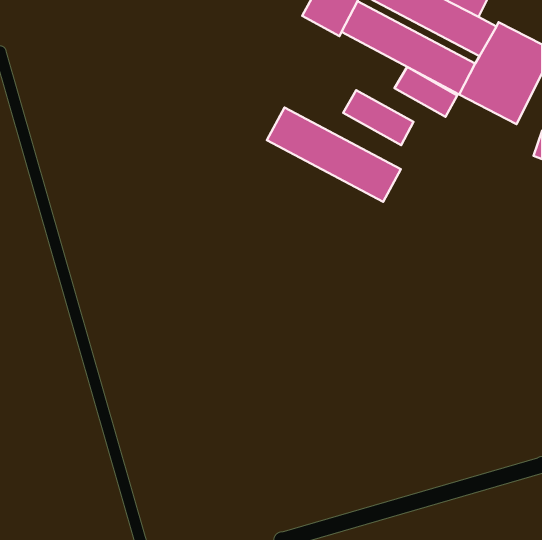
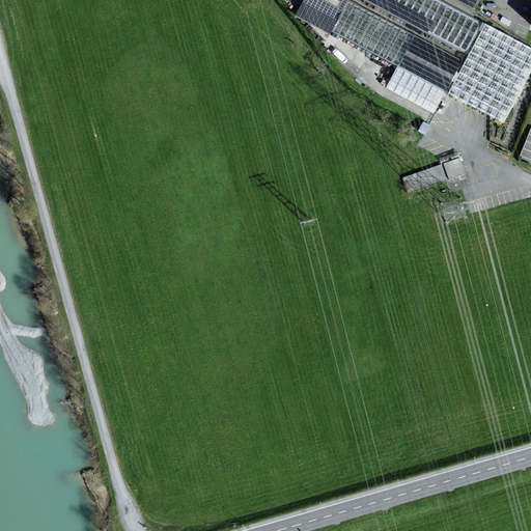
building: [343,90,413,145] -> none
building: [267,107,401,202] -> none

